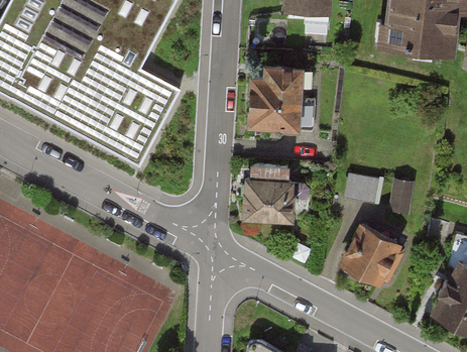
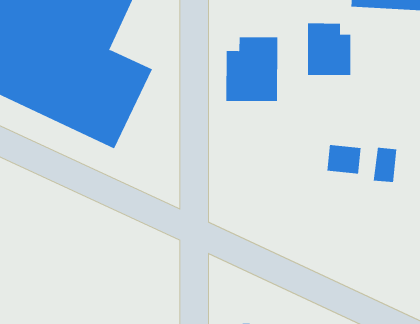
building: none -> [308,23,351,76]
building: [246,165,295,218] -> none
building: [340,225,401,285] -> none

